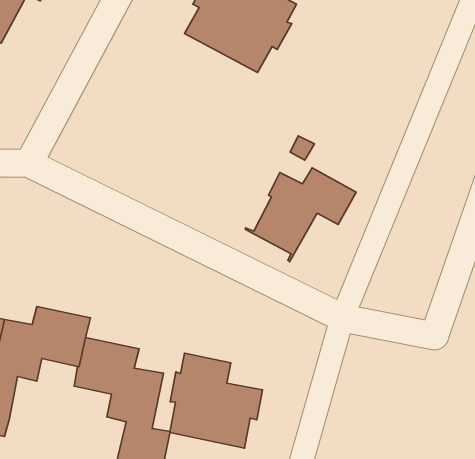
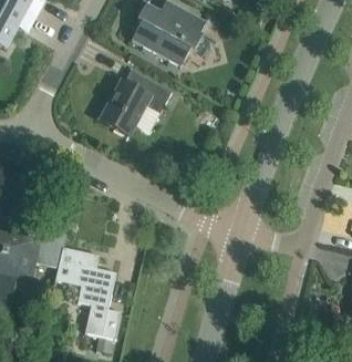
building: [246,168,356,262] -> [96,74,172,138]
building: [170,353,262,448] -> none

